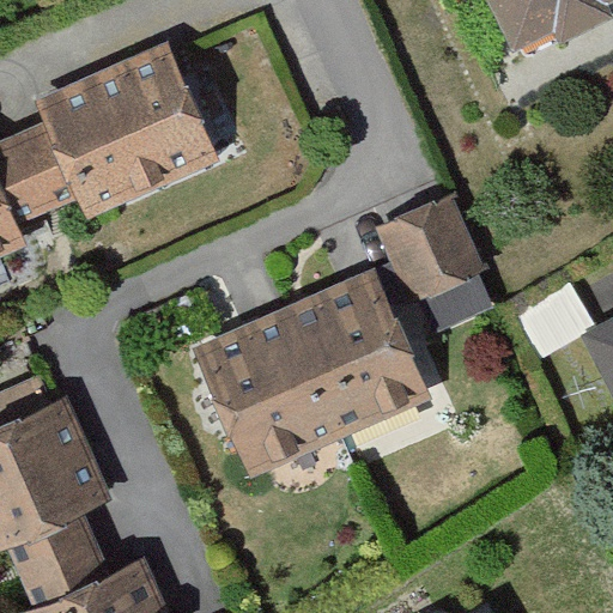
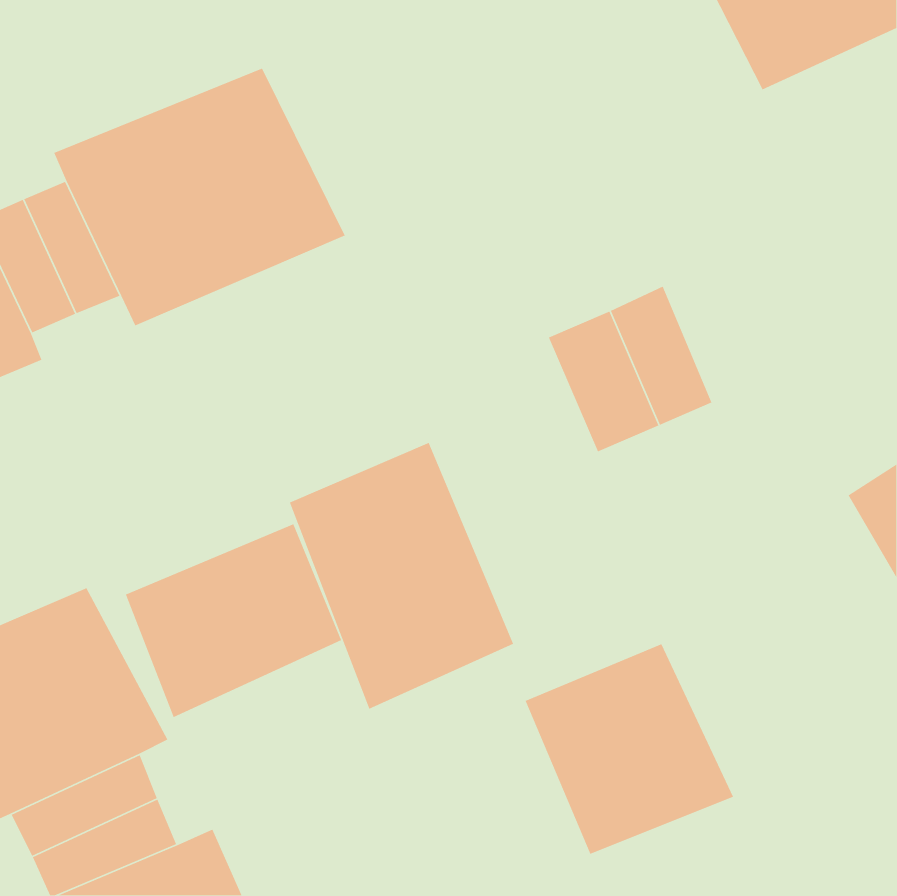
building: [290,262,432,435] -> none
building: none -> [125,523,342,718]
building: none -> [525,643,734,855]

